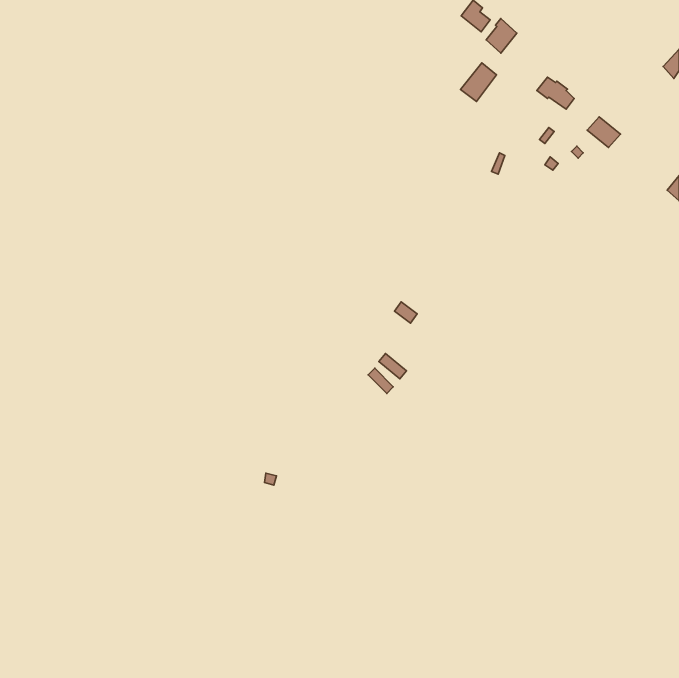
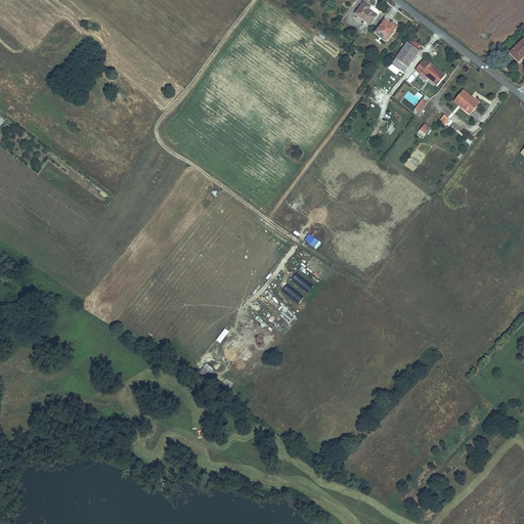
building: [461,63,496,101] -> [391,42,419,72]

